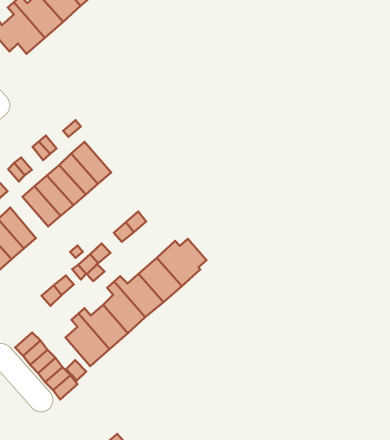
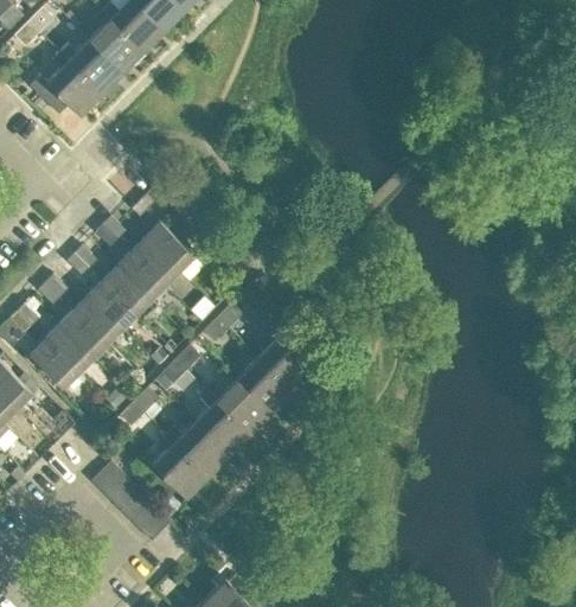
building: none -> [72,294,121,344]

